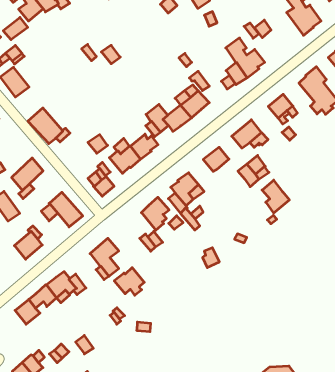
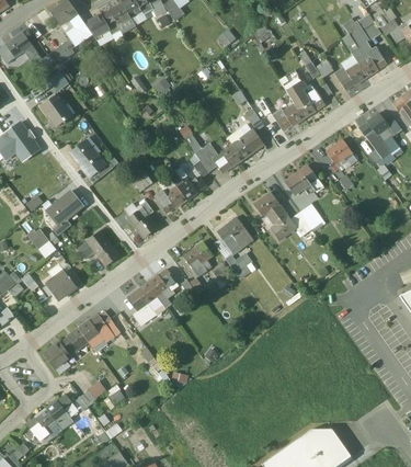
building: none -> [333,62,366,90]
building: [262,180,289,213] -> [266,205,295,240]
building: [114,268,144,295] -> [146,269,178,298]

